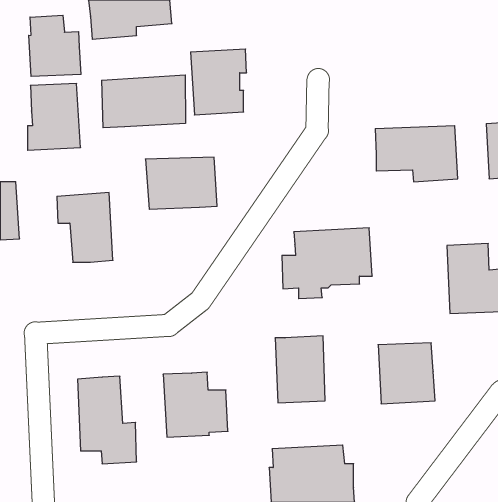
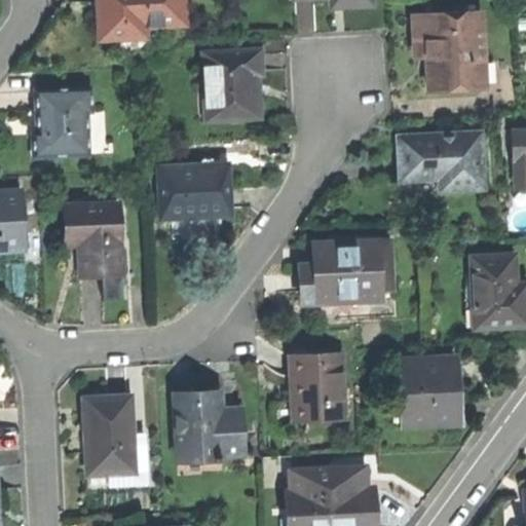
building: none -> [412,11,483,89]
building: [29,15,81,76] -> none
building: [102,75,185,128] -> none

